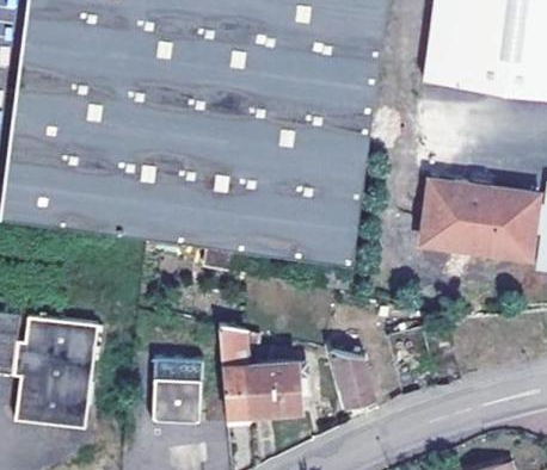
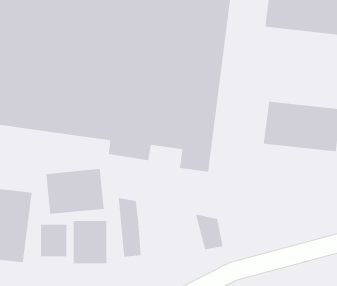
building: none -> [46,168,104,215]
building: [247,360,297,412] -> none
building: none -> [40,224,67,257]

